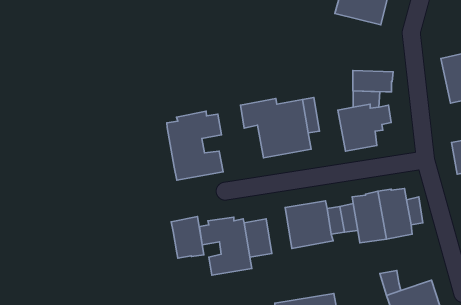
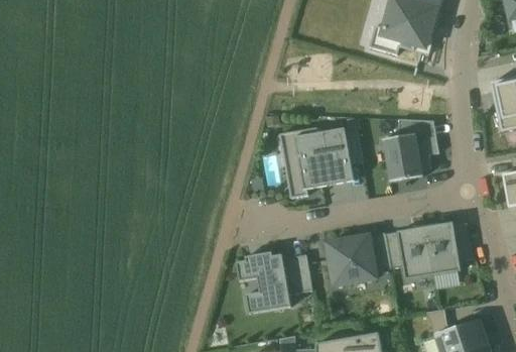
building: [353,71,393,92] -> none
building: [167,111,223,180] -> none
building: [171,217,204,258] -> none

